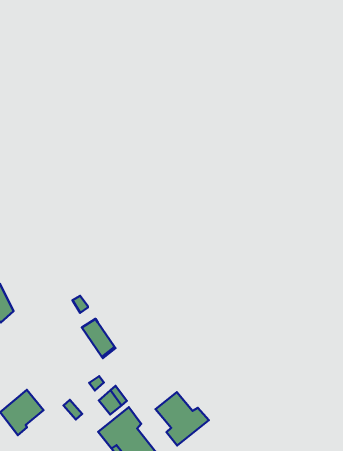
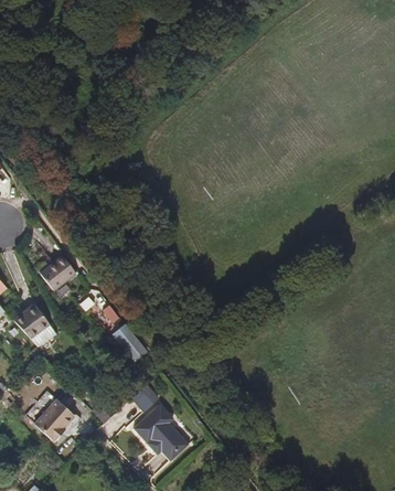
building: none -> [38,256,73,289]
building: [155,392,209,446] -> none

